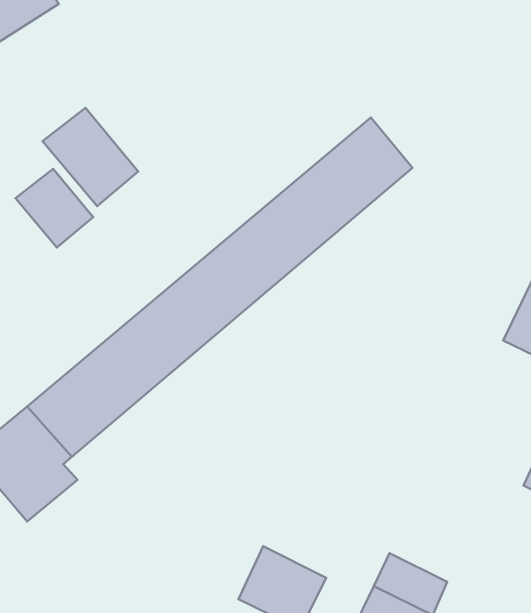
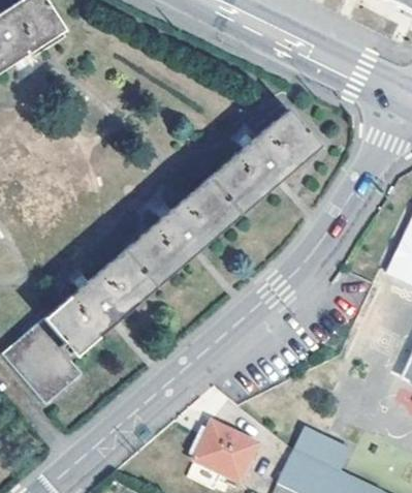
building: [42,108,138,206] -> none
building: [15,169,93,248] -> none

